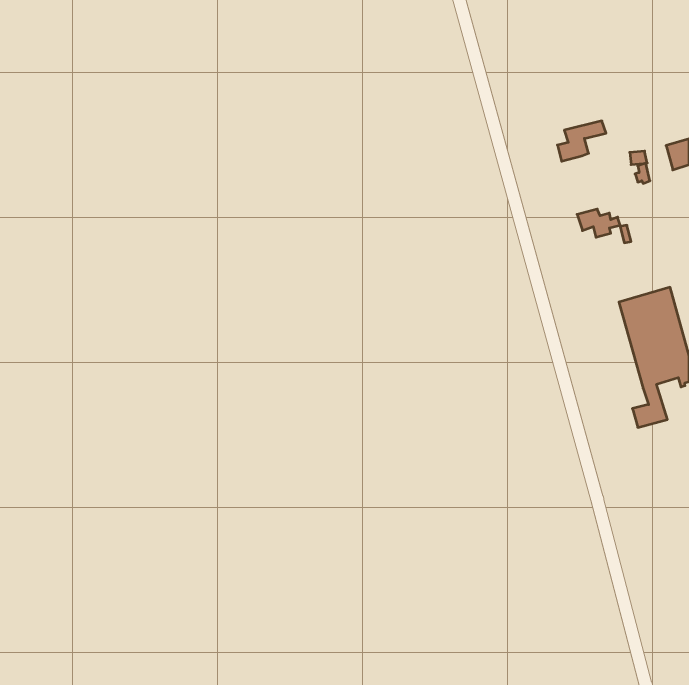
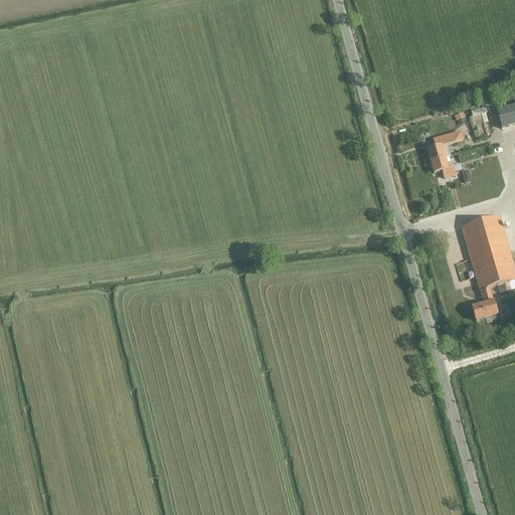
building: [557,121,606,161] -> [427,130,464,160]

